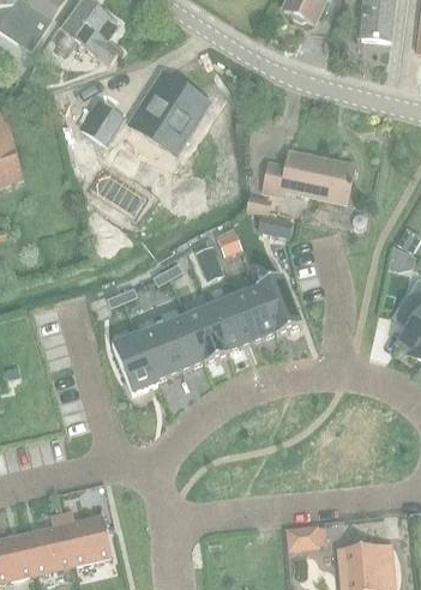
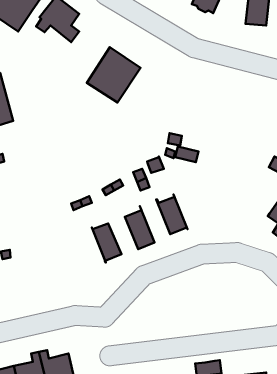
building: [80,101,122,143] -> none
building: [263,149,353,200] -> none
building: [255,275,301,335] -> none
building: [206,291,251,354] -> none
building: [161,317,204,371] -> none
building: [112,332,157,393] -> none

